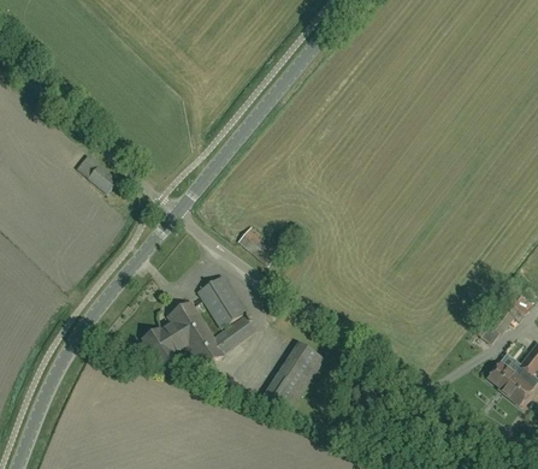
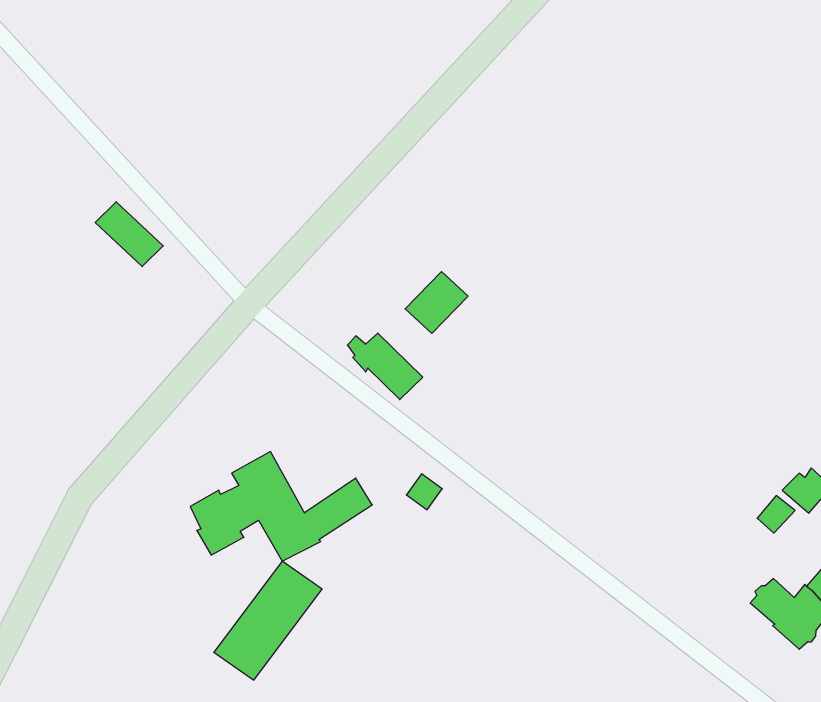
building: none -> [405,272,468,333]
building: [197,274,244,326] -> none
building: [260,342,324,415] -> [214,561,322,680]

